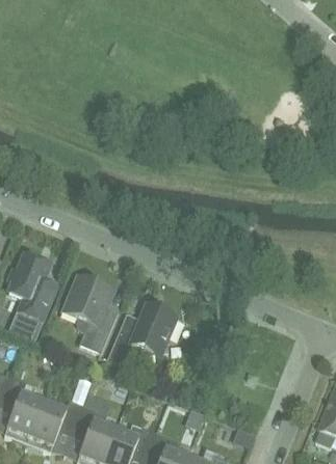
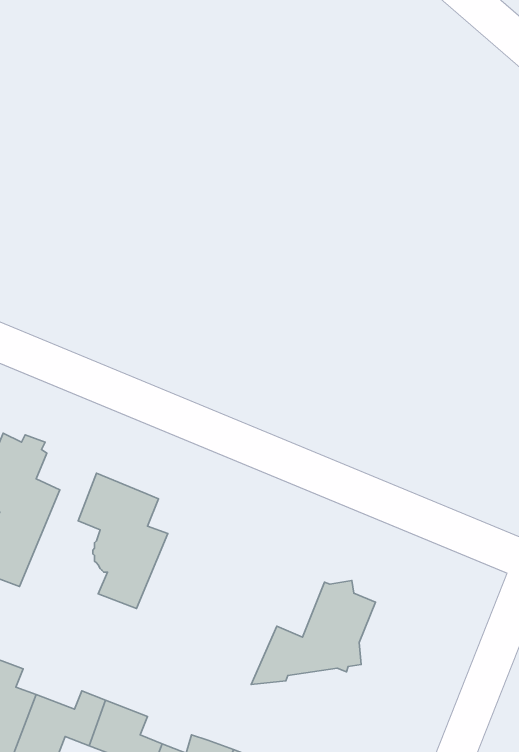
building: [105,302,176,361] -> [251,580,376,685]

